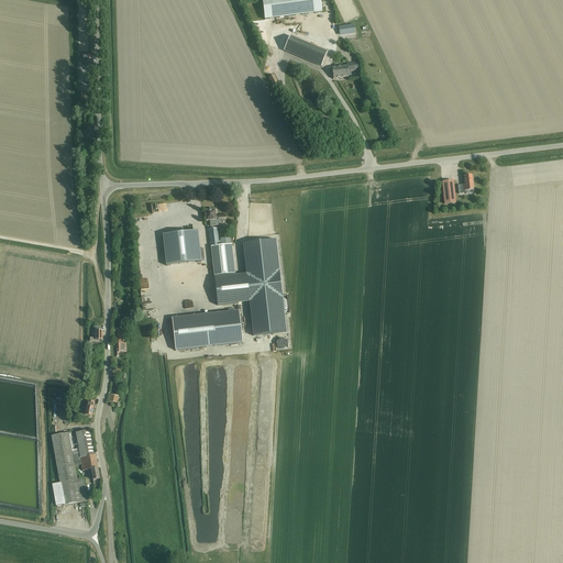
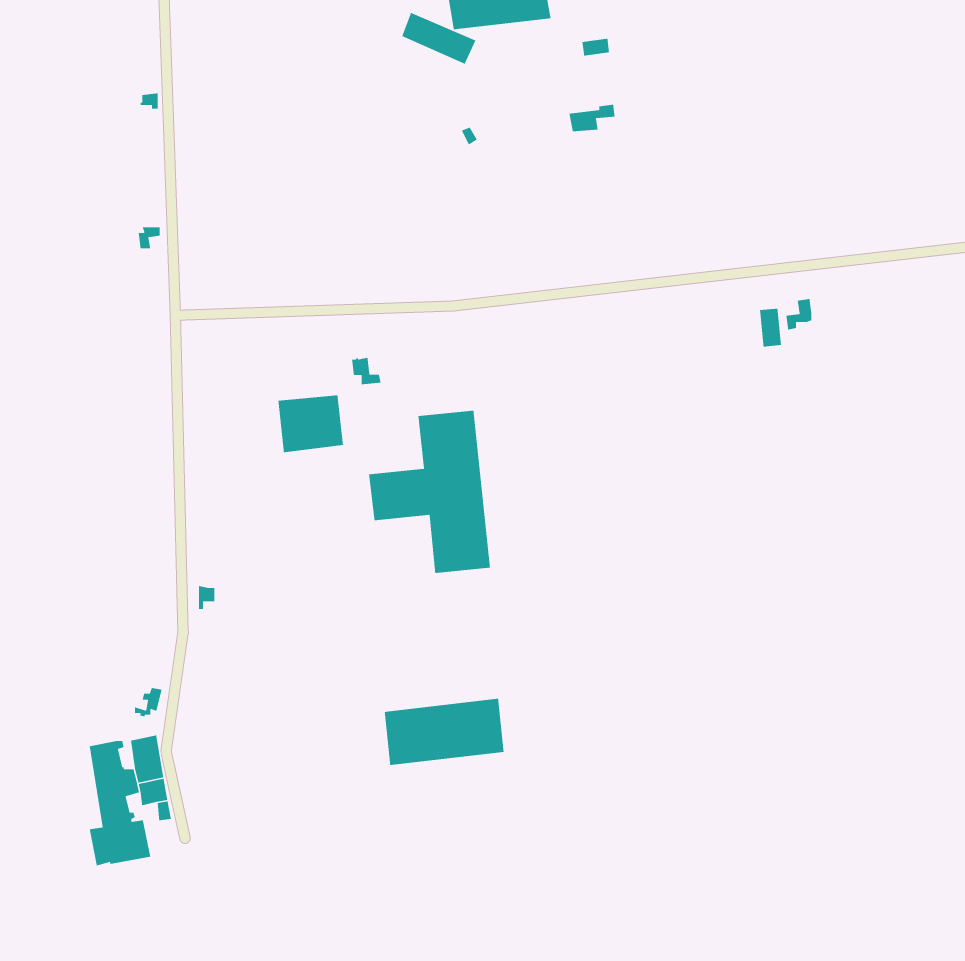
building: [284,34,328,65] -> [401,12,477,65]
building: [210,236,236,275] -> none
building: [172,309,242,349] -> [384,698,505,766]

